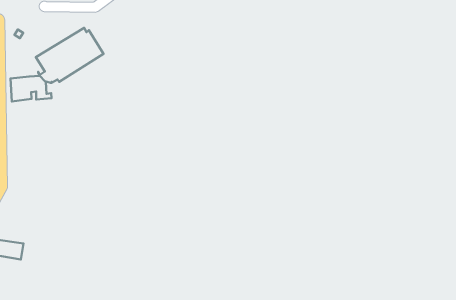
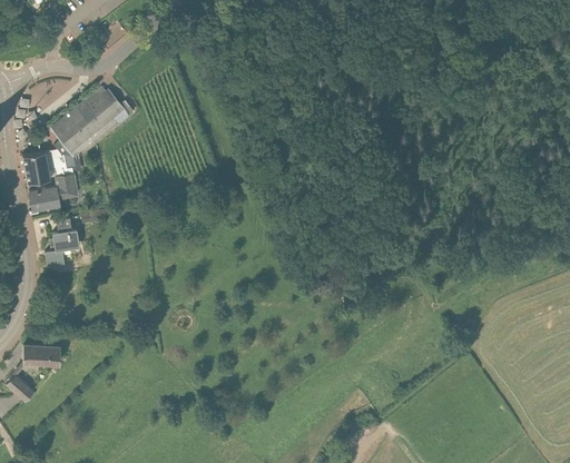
building: none -> [30,174,78,209]
building: none -> [46,219,80,267]

